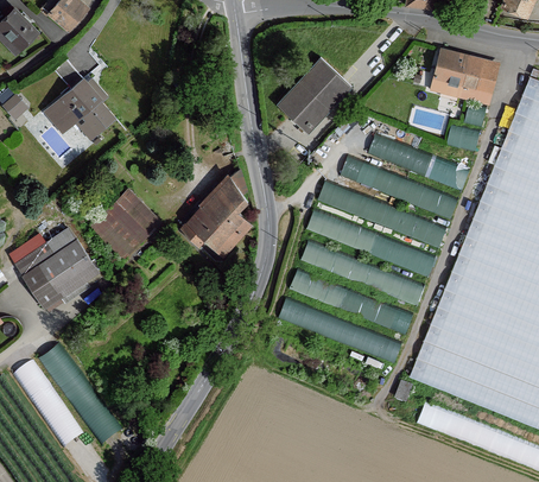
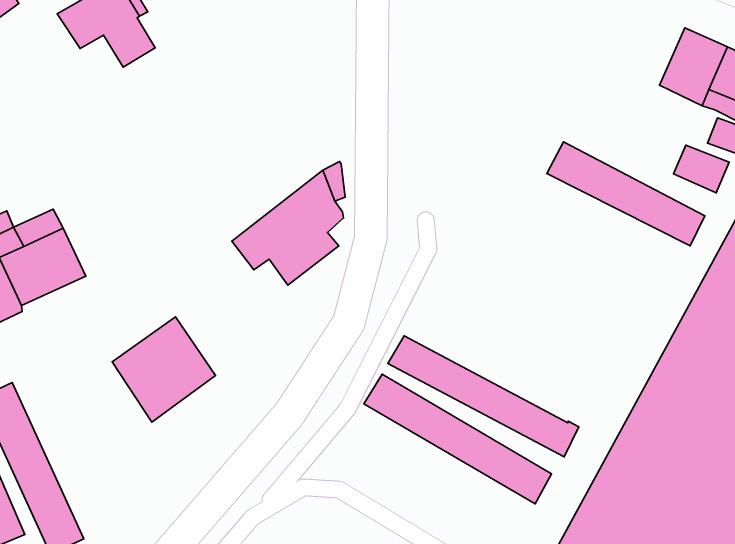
building: [275,62,349,135] -> none
building: [341,157,461,216] -> none
building: [307,184,449,272] -> none
building: [93,192,158,260] -> [112,317,216,422]
building: [303,243,427,302] -> none

